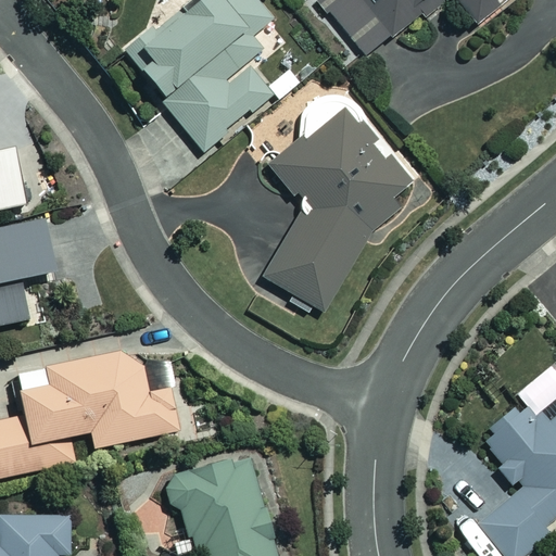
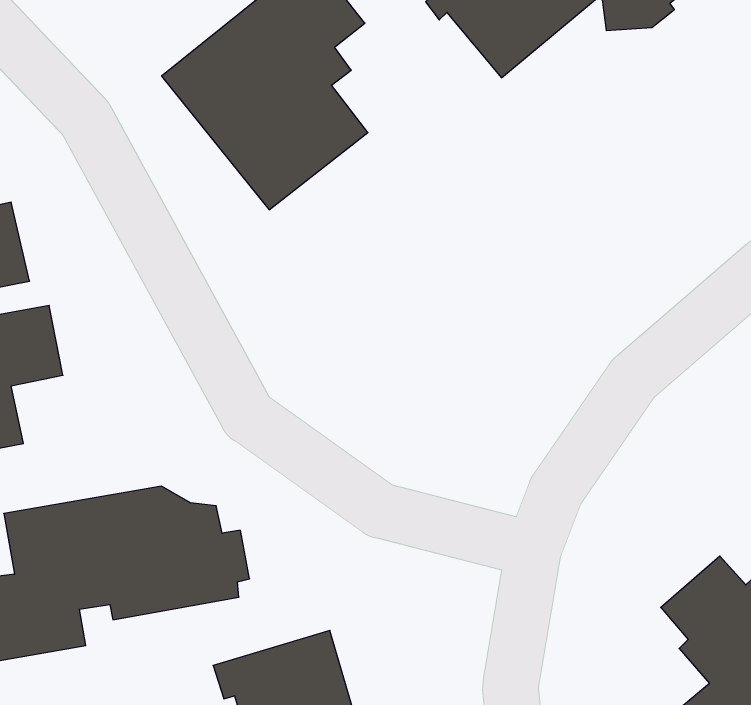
building: [258,91,416,309] -> none

